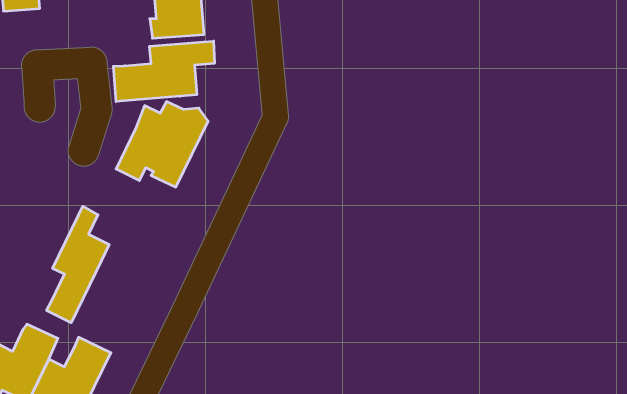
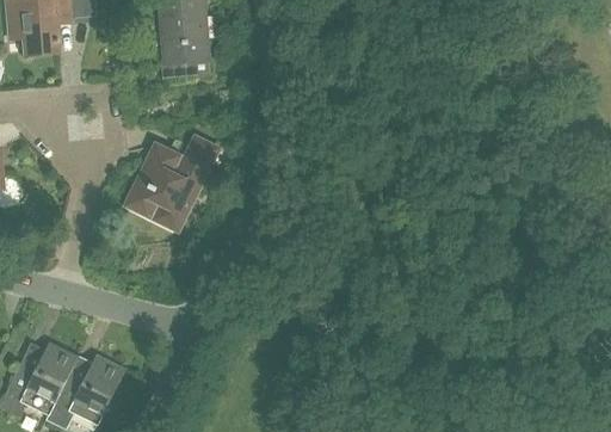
building: [113,41,214,102] -> none
building: [47,206,109,323] -> none

